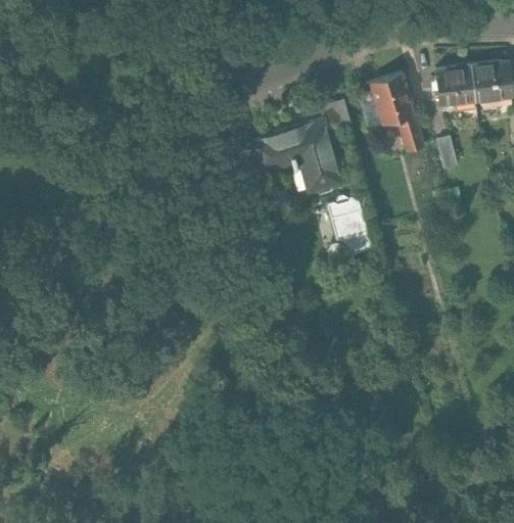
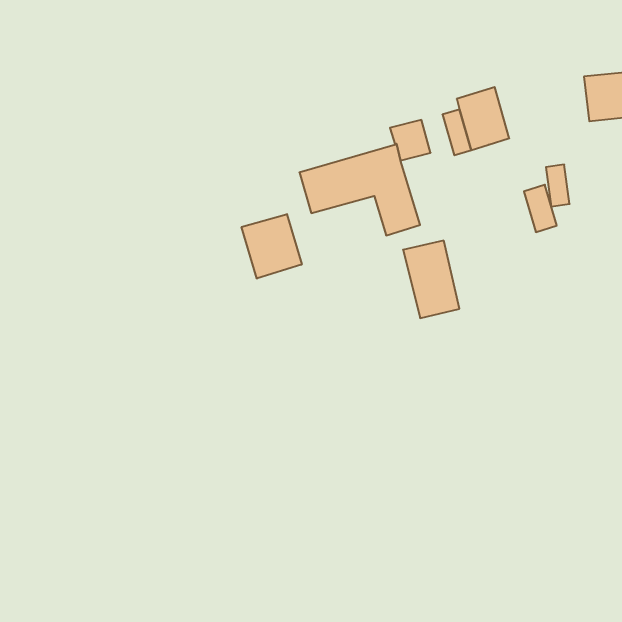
building: [433,67,473,106] -> none
building: [394,115,420,152] -> [524,185,557,232]
building: none -> [242,214,302,279]

